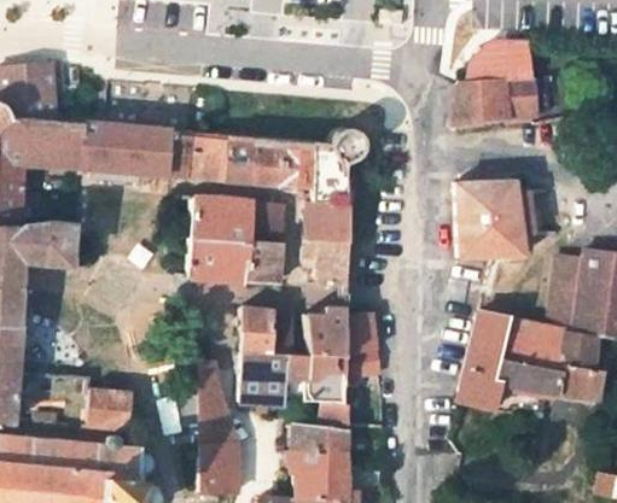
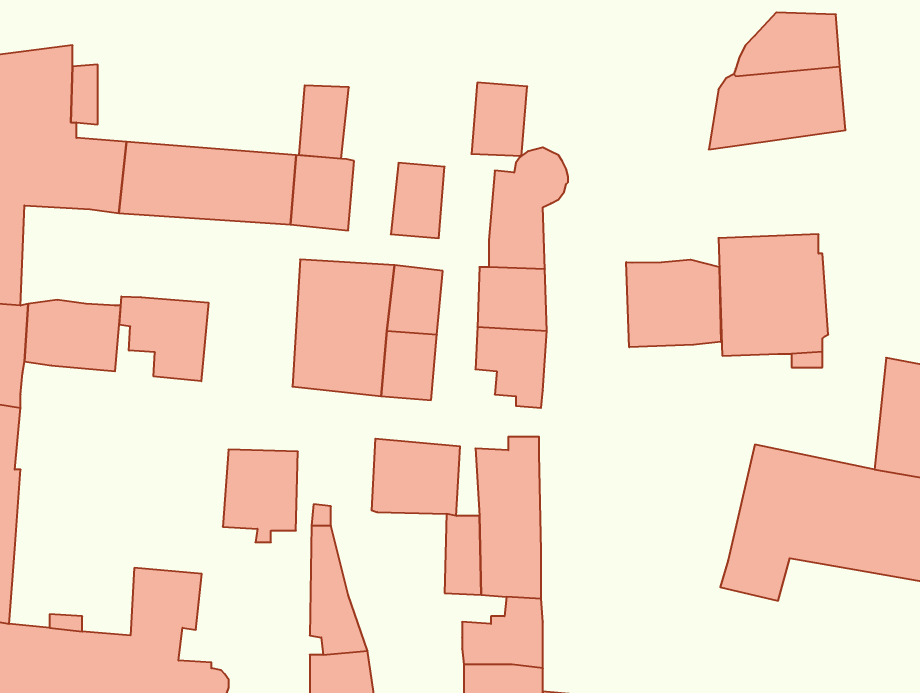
building: [223,135,255,181] -> [299,85,349,159]
building: [280,139,315,185] -> [471,83,527,156]
building: none -> [626,260,721,347]
building: none -> [119,296,208,381]
building: [343,314,379,379] -> none
building: [238,355,285,413] -> [223,450,298,542]

